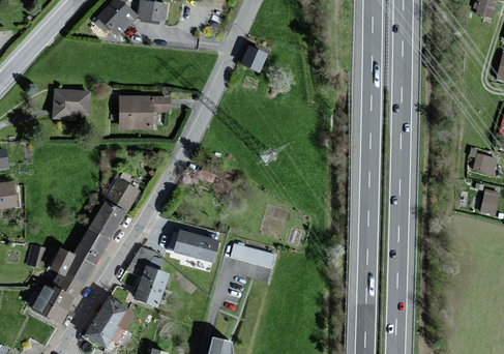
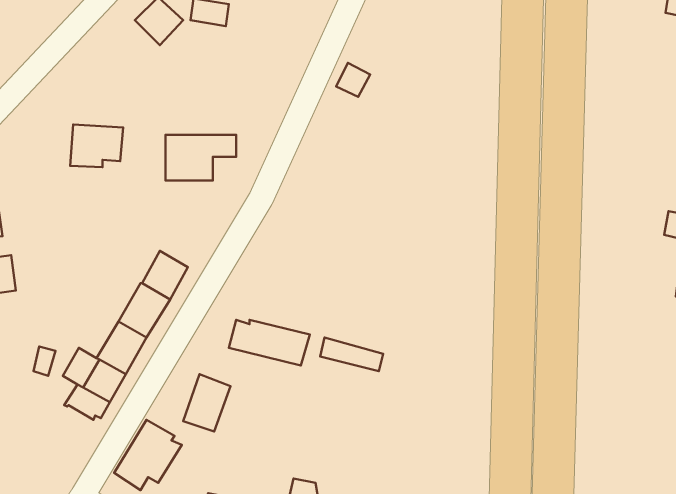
building: [30,284,71,323] -> none

